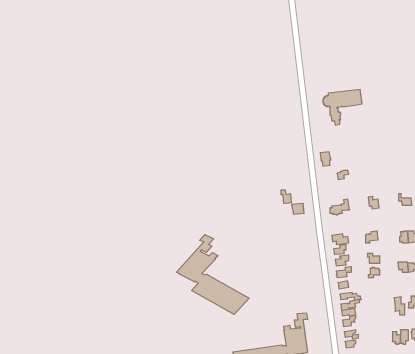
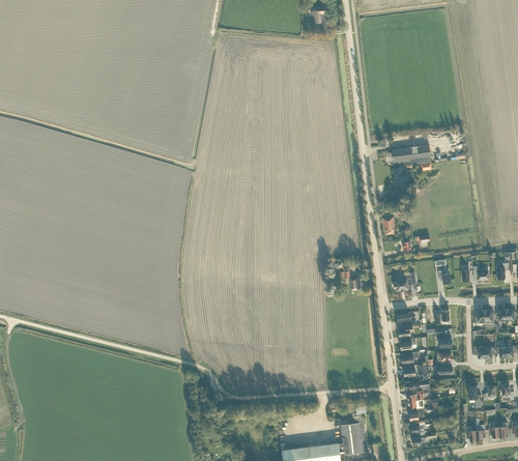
building: [177,235,249,314] -> none

